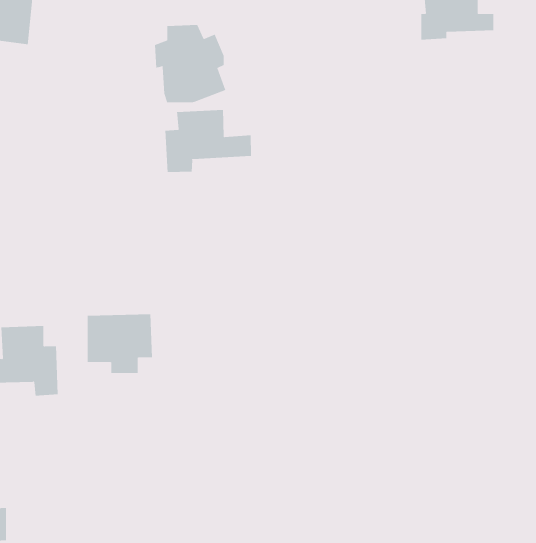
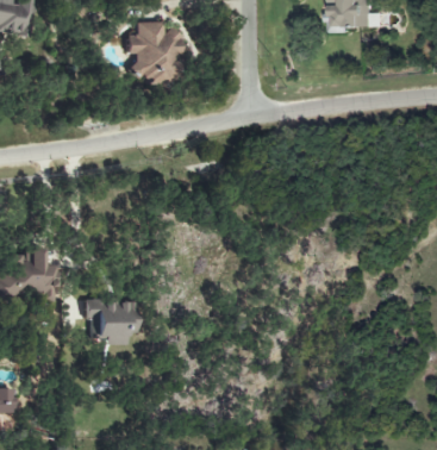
building: [165,109,251,173] -> none
building: [87,314,153,374] -> [88,299,138,344]

